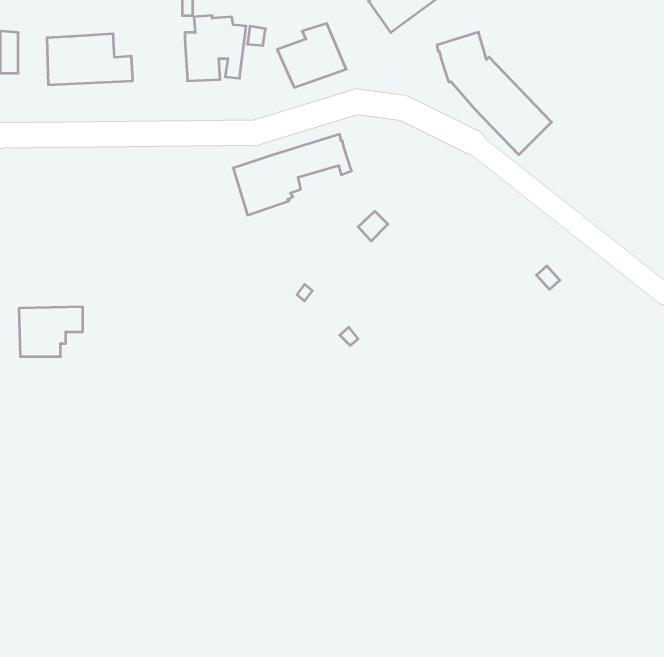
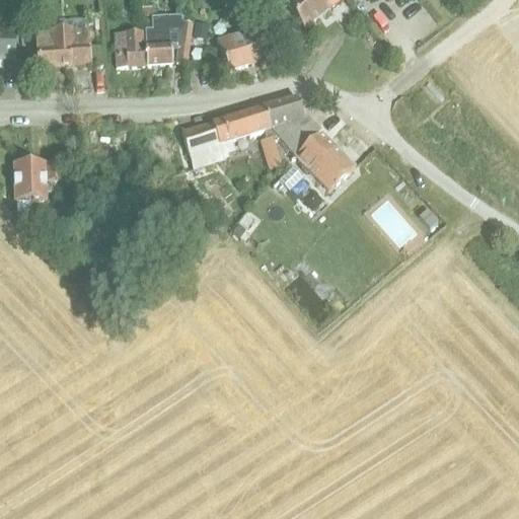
building: [437,32,552,155] -> [266,94,355,190]
building: none -> [115,28,147,65]
building: [19,307,83,357] -> [14,160,64,199]

